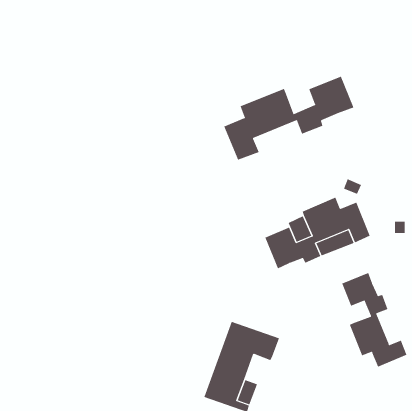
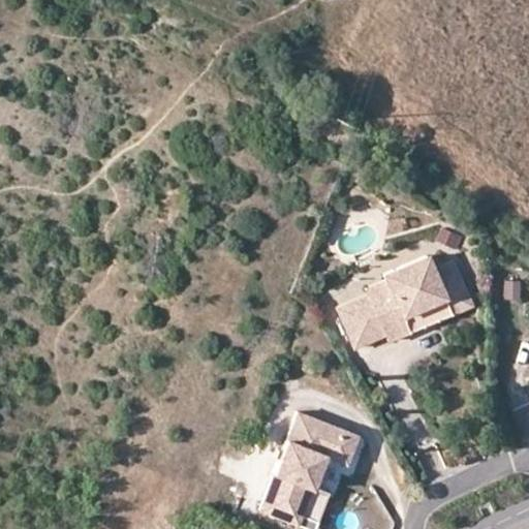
building: [224,76,354,161] -> none
building: [341,272,407,367] -> none

